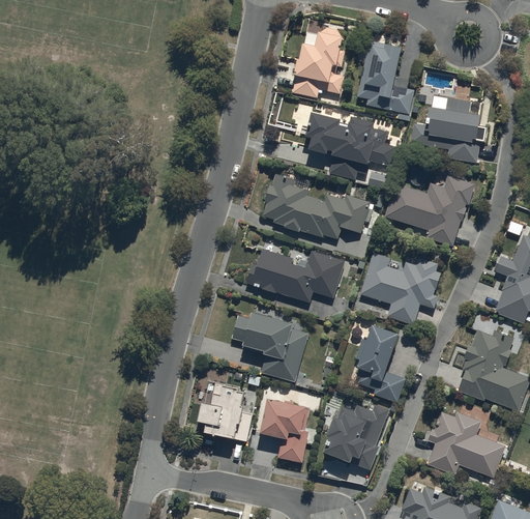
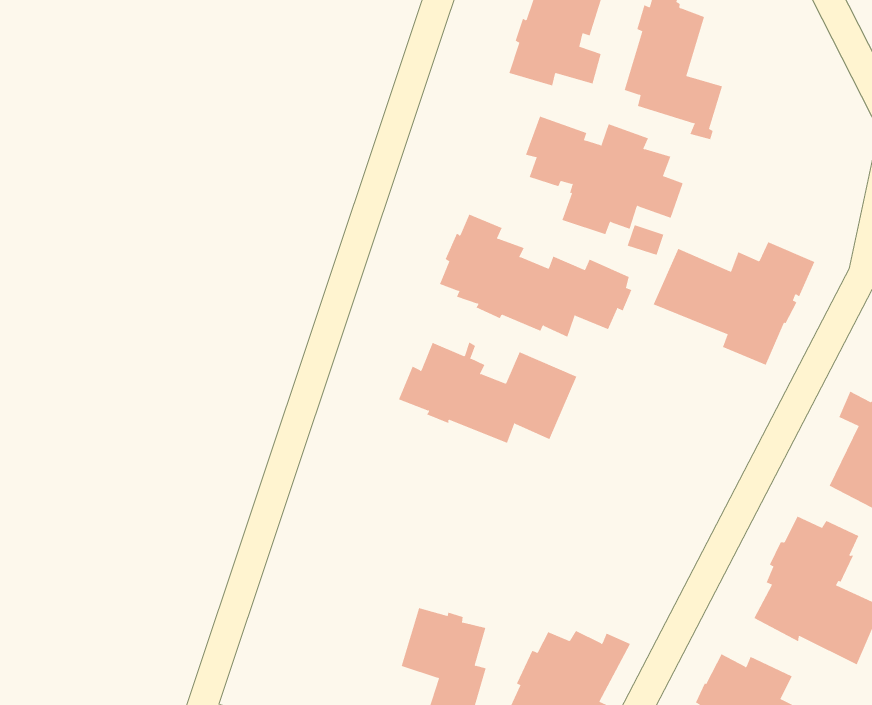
building: [411,97,488,162] -> none
building: [360,253,441,324] -> none
building: [232,314,308,382] -> none
building: [356,326,406,403] -> none
building: [198,382,253,441] -> none

